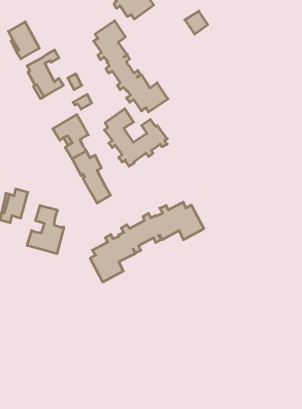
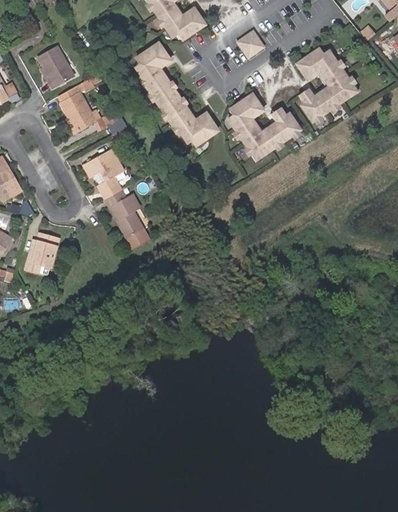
building: none -> [297,48,356,122]
building: [104,109,167,166] -> [227,95,298,160]
building: [90,202,204,282] -> none
building: [27,205,64,254] -> none

